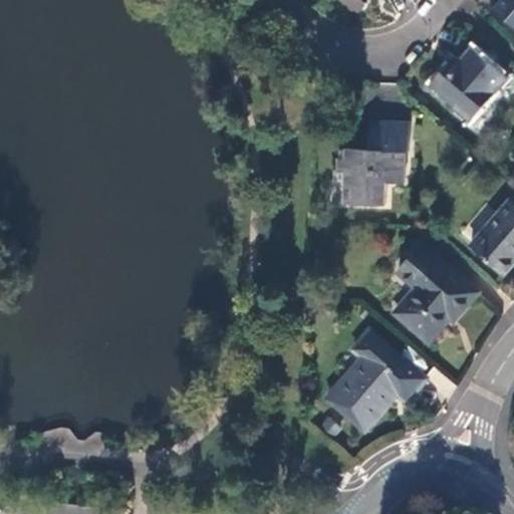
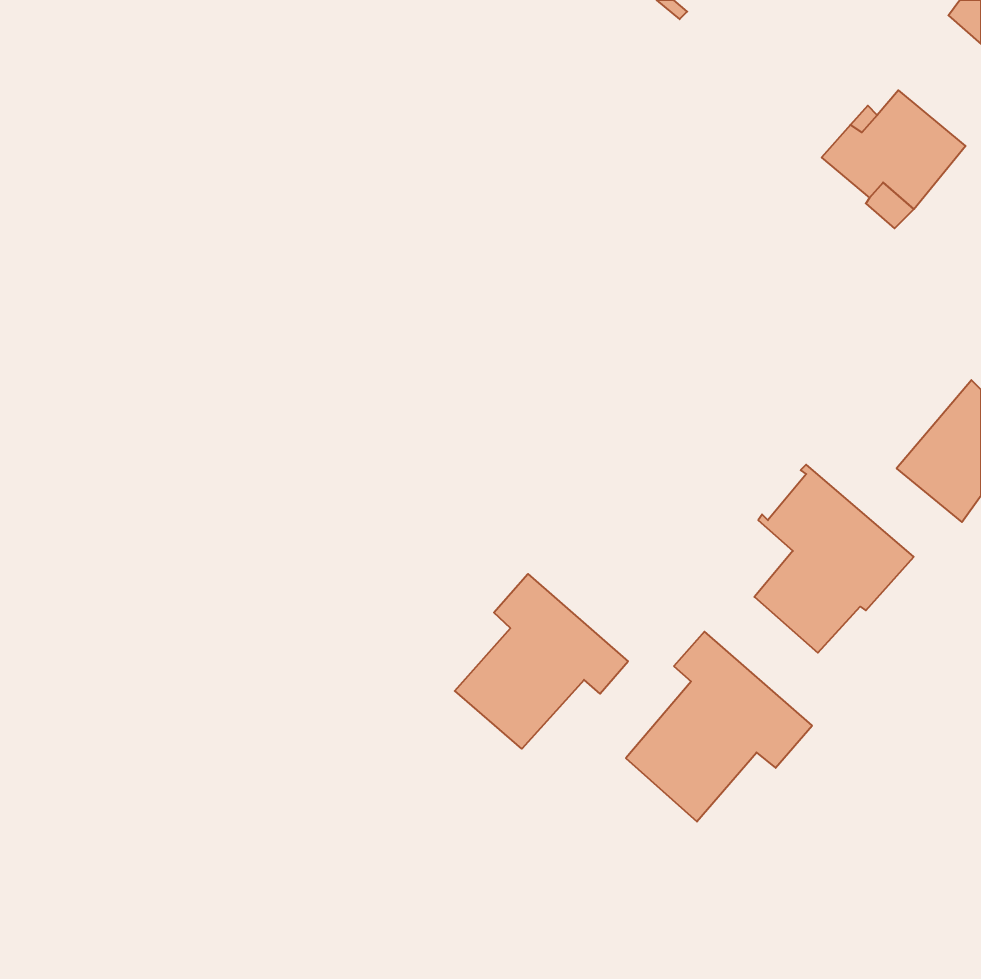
building: [336,121,408,206] -> none
building: none -> [455,574,628,749]

